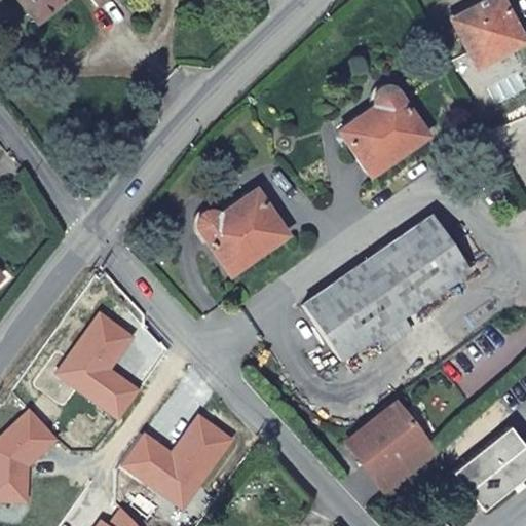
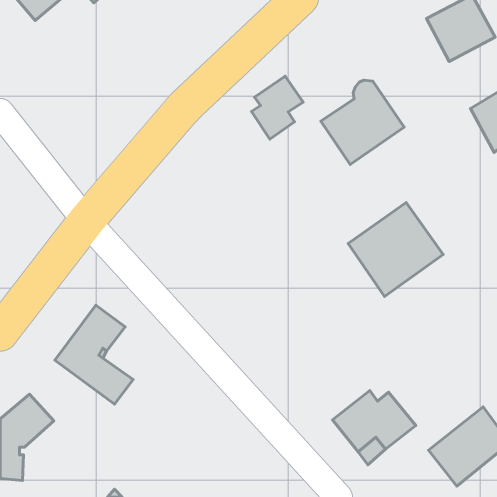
building: none -> [252,76,303,139]
building: [197,185,287,270] -> none
building: [304,256,407,355] -> none
building: [122,424,232,514] -> none

